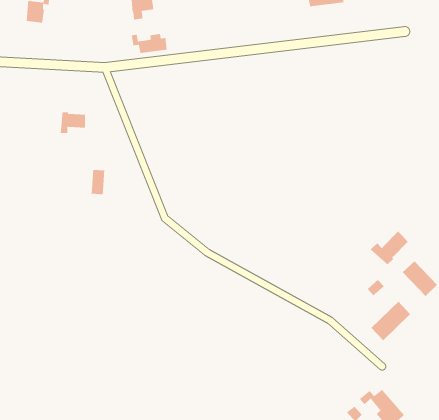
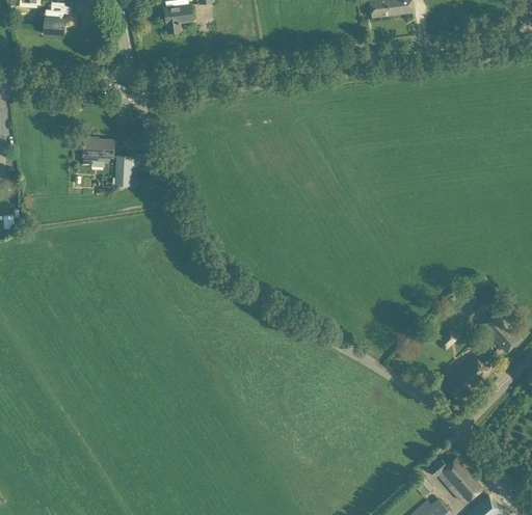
building: [131,33,167,54] -> none
building: [91,169,105,195] -> [115,155,132,185]
building: [370,231,408,265] -> none

